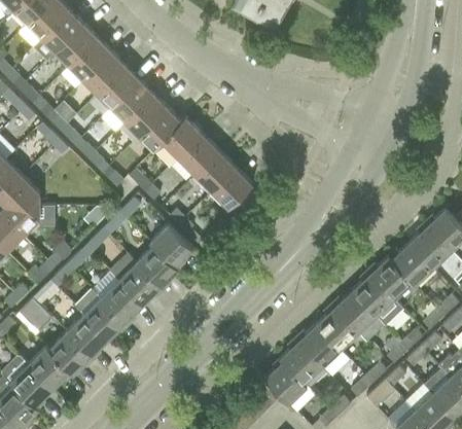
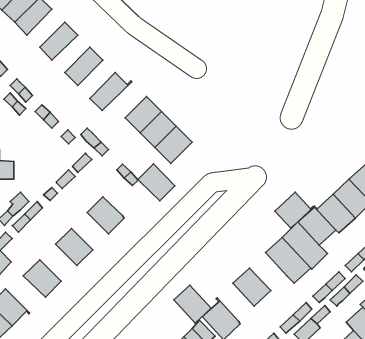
building: [69,38,111,80] -> none
building: [97,67,139,108] -> none
building: [126,95,167,137] -> none
building: [152,118,202,158] -> none
building: [150,225,191,266] -> [138,164,175,201]
building: none -> [275,192,313,228]
building: [118,263,159,305] -> none
building: [74,289,125,339] -> none
building: [316,308,357,350] -> none
building: [48,333,90,374] -> none
building: [280,342,321,384] -> [174,285,211,323]

